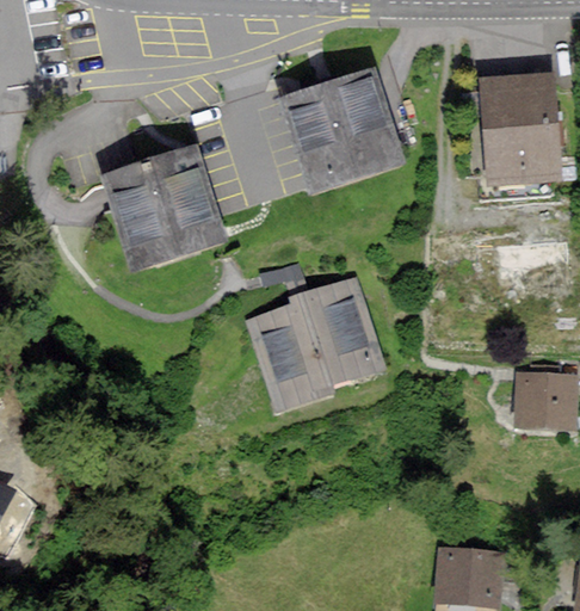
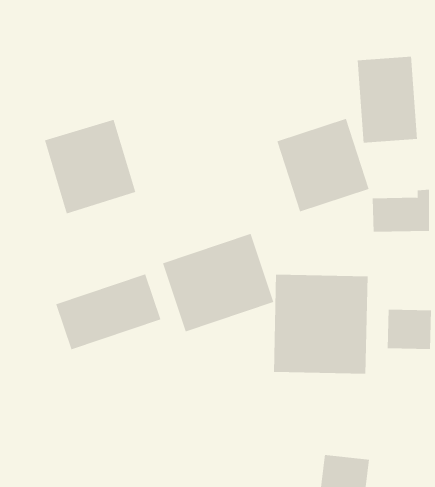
building: [286,72,397,184] -> [277,118,370,212]
building: none -> [56,274,161,350]
building: none -> [273,274,368,374]

